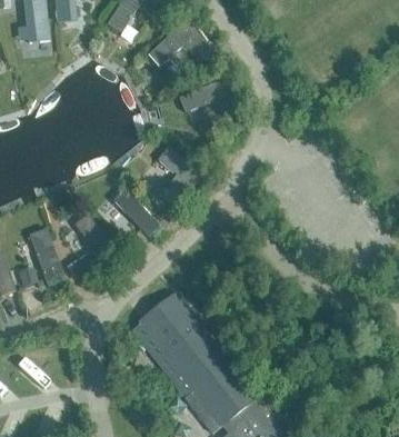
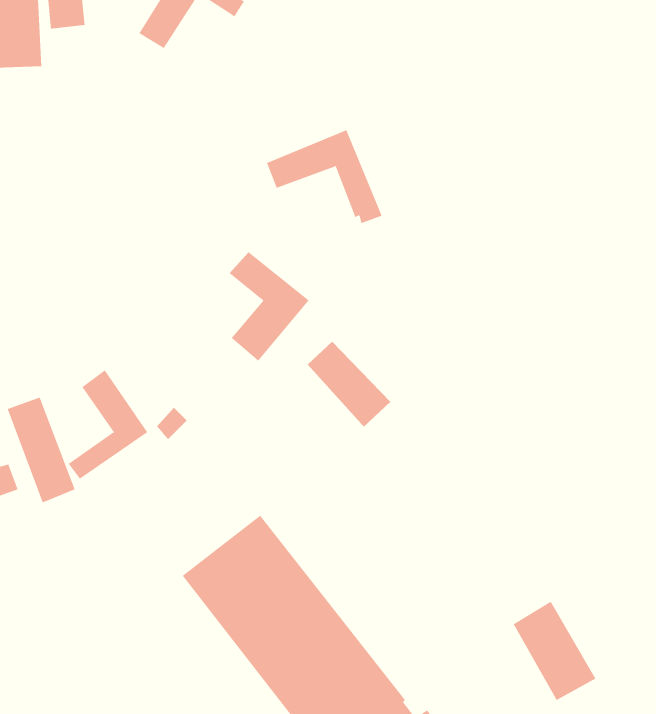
building: [147,18,213,66] -> none
building: [113,190,161,239] -> [307,341,391,427]
building: none -> [513,601,596,701]

